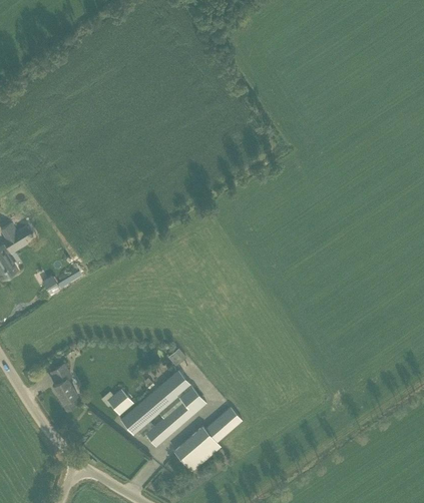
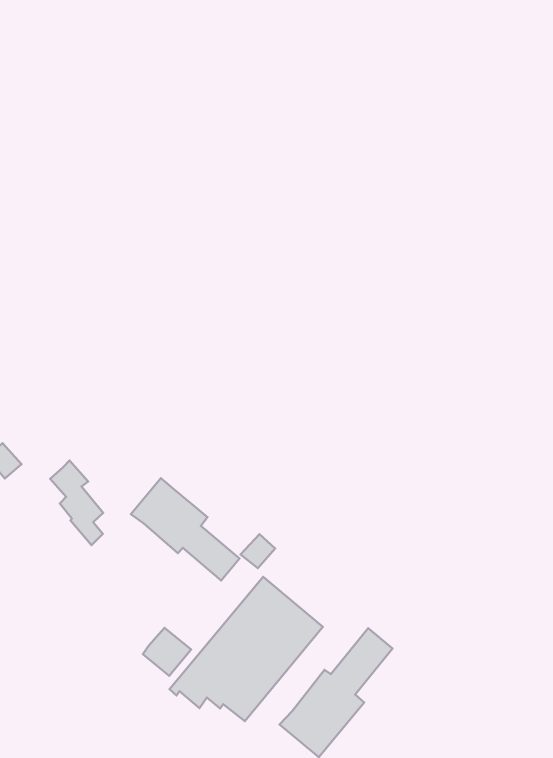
building: none -> [131,478,240,581]
building: [51,362,76,409] -> [50,460,103,545]

